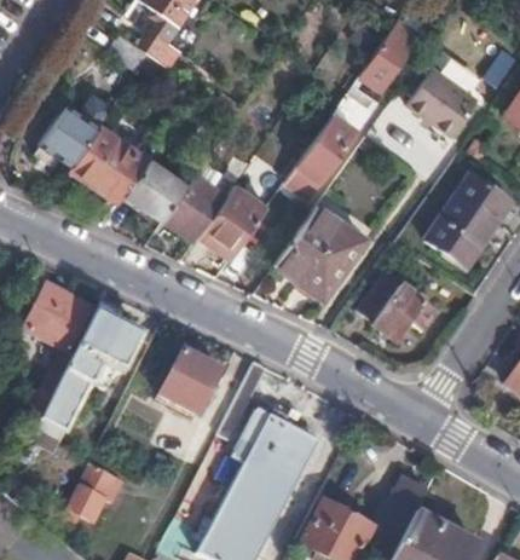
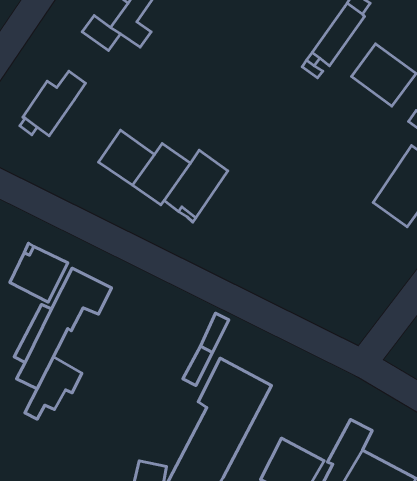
building: [287,114,356,196] -> none
building: [69,126,150,203] -> none
building: [276,203,364,295] -> none
building: [364,276,438,340] -> none
building: [161,351,223,416] -> none
building: [62,463,125,532] -> [25,357,82,419]

